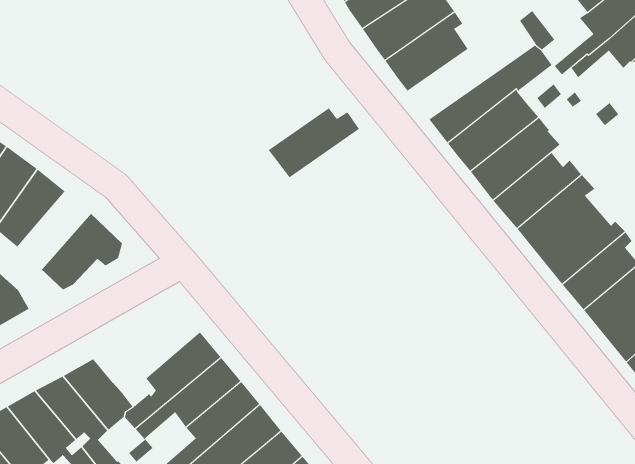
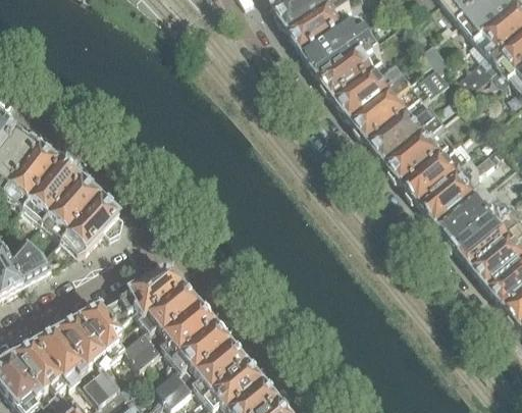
building: [268,107,360,178] -> [341,69,411,123]
building: none -> [43,178,99,238]
building: none -> [101,271,182,324]

